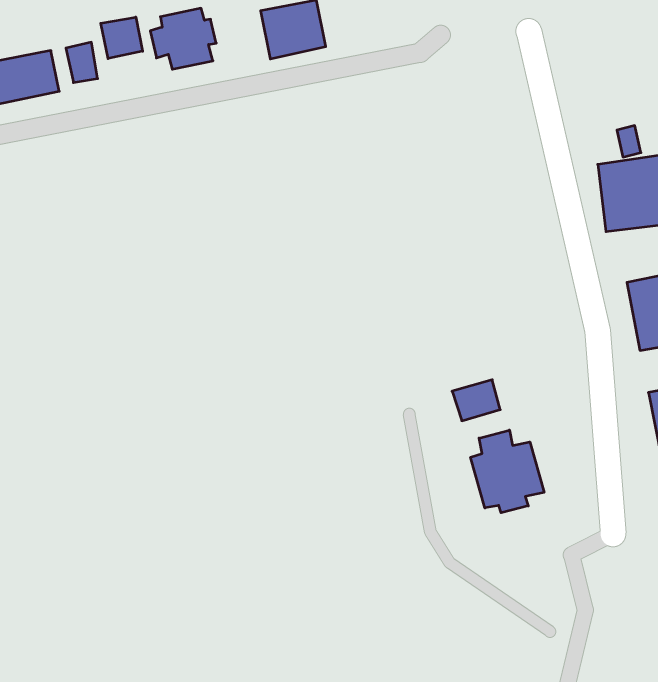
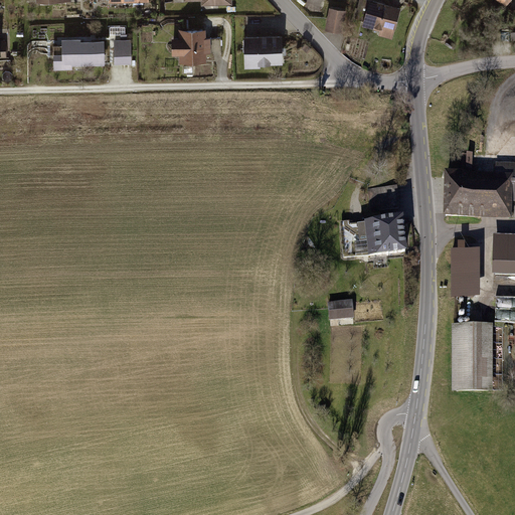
building: [101,17,143,59] -> none
building: none -> [340,213,404,259]
building: [471,430,544,513] -> none

